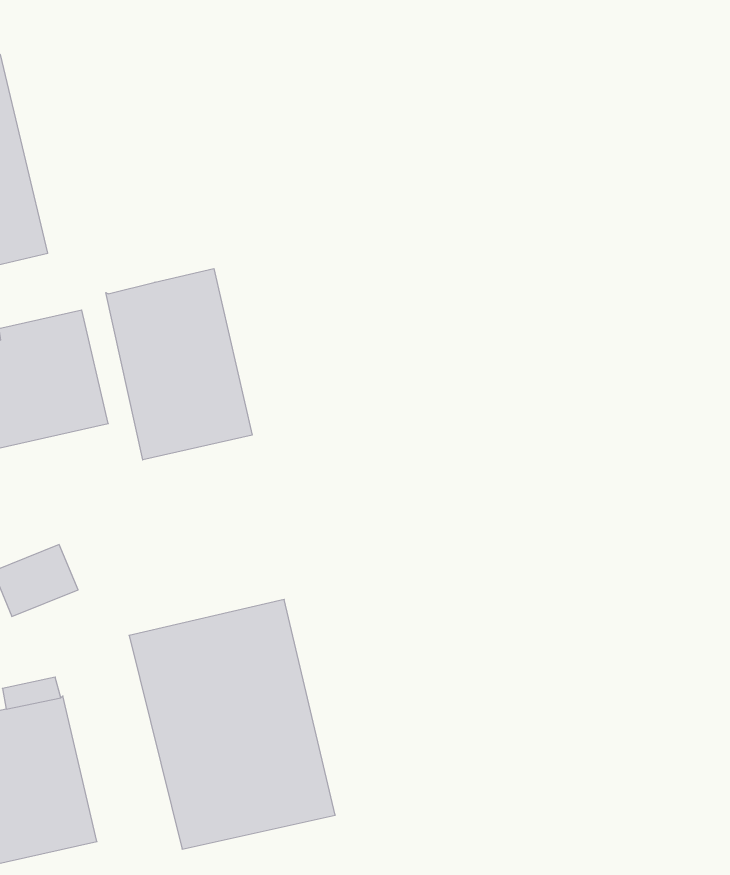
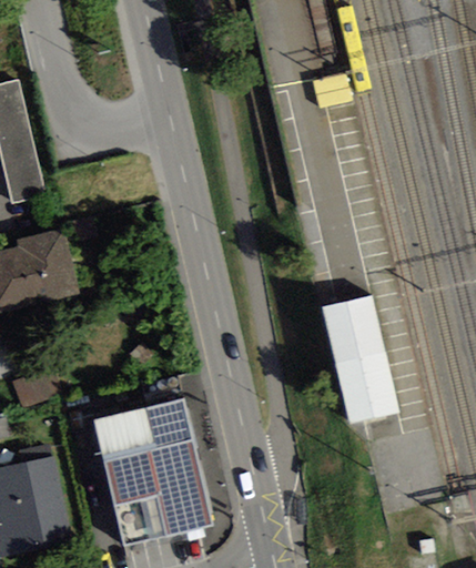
building: [106,269,252,460] -> none
building: none -> [321,292,399,422]

